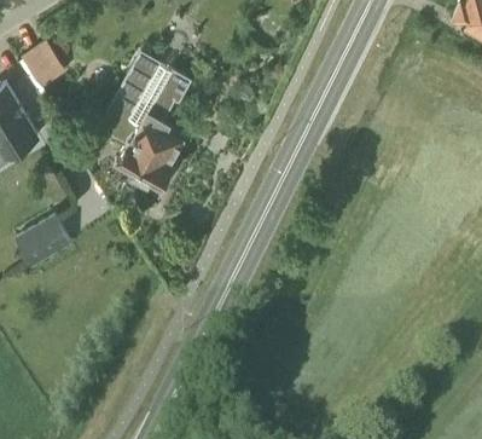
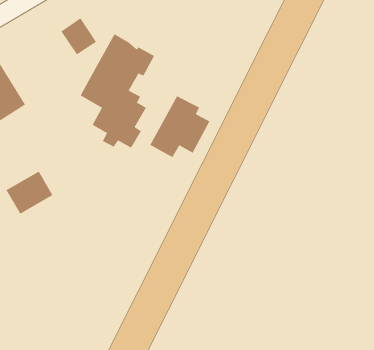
building: [23,45,66,89] -> [60,17,97,55]
building: none -> [149,95,210,158]

